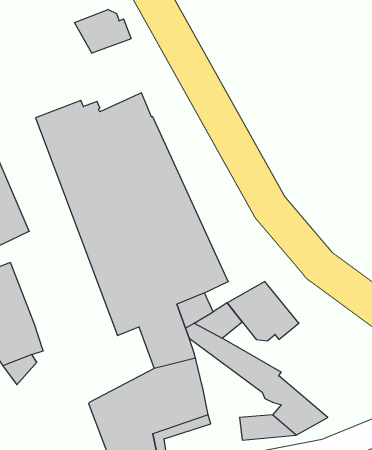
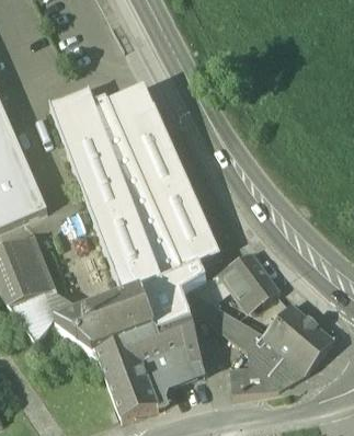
building: [74,9,131,53] -> none
building: none -> [55,291,156,357]
building: none -> [264,301,334,370]

